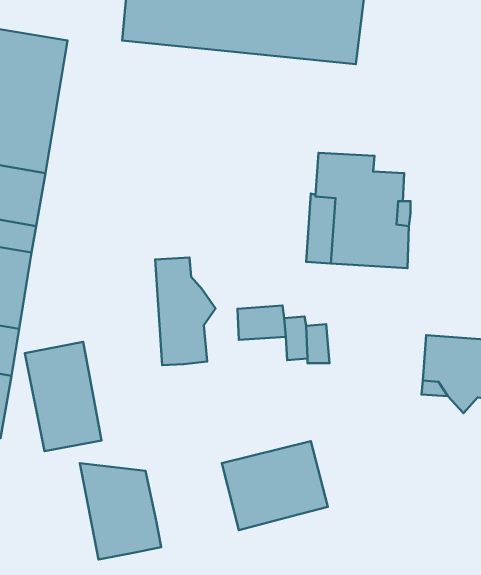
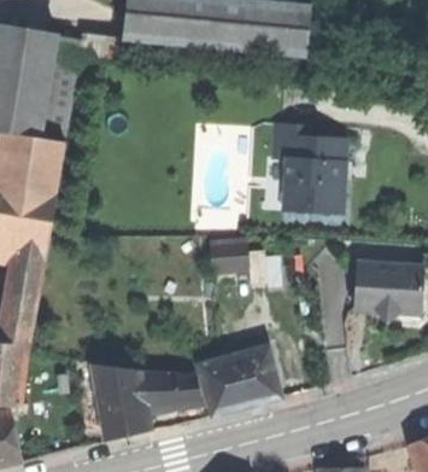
building: [155,258,215,365] -> none
building: [25,342,102,451] -> none
building: none -> [140,371,201,410]

